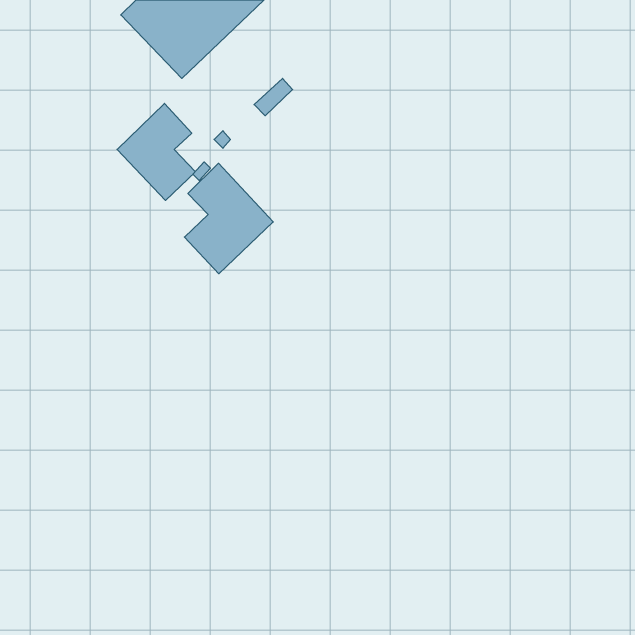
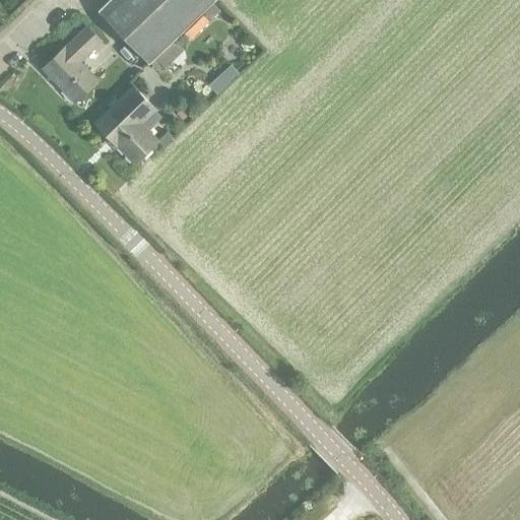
building: none -> [42,24,101,100]
building: [184,163,273,274] -> none

